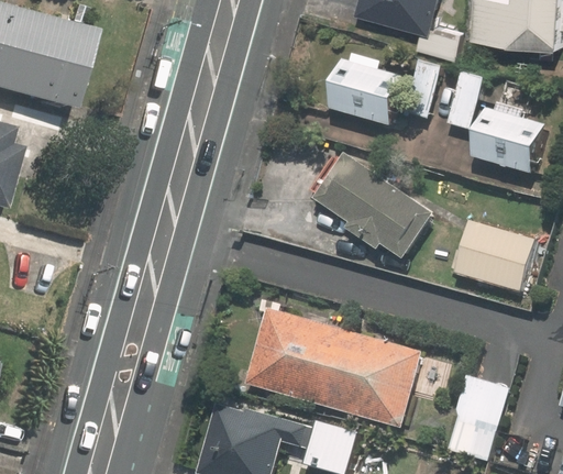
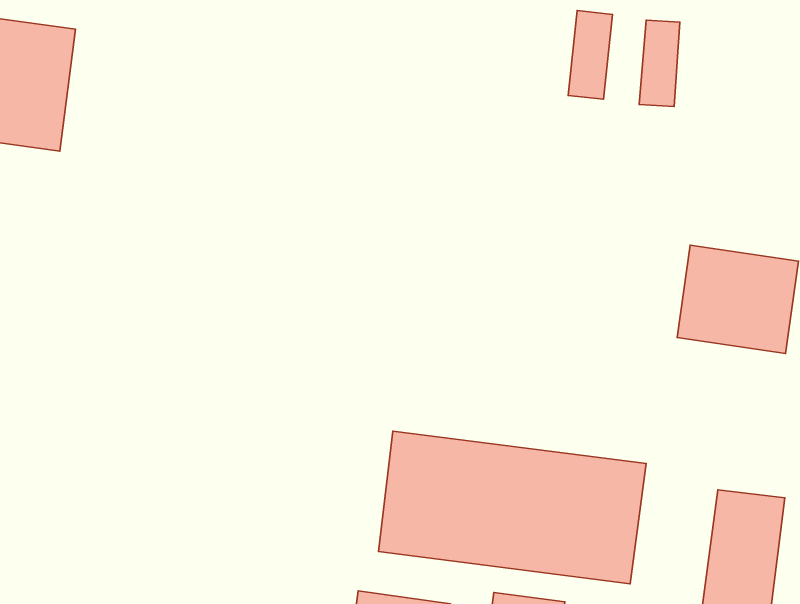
building: [328,60,402,126] -> none
building: [470,108,545,175] -> none
building: [311,153,431,261] -> none

